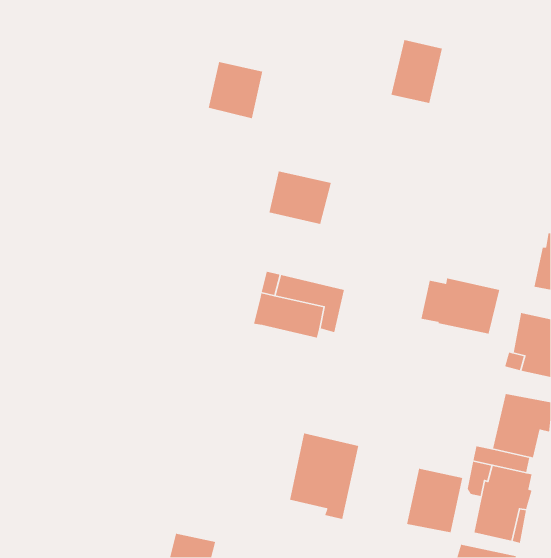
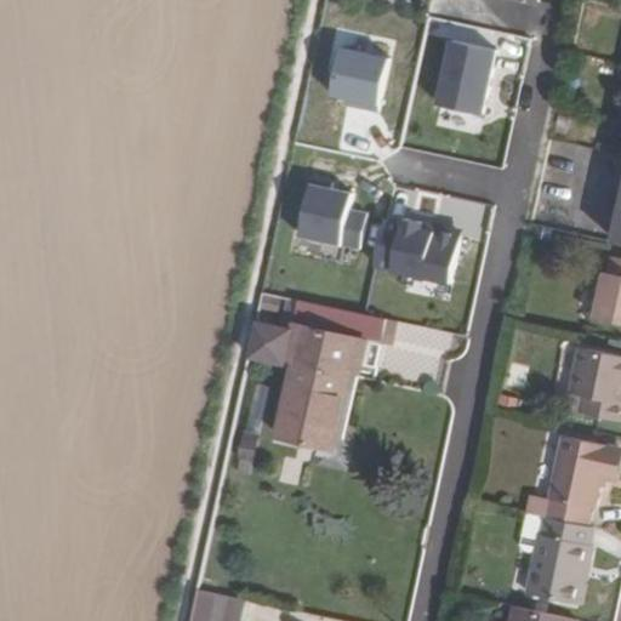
building: [208,61,263,119] -> [331,49,393,113]
building: [420,278,500,334] -> [371,220,460,283]
building: none -> [245,323,289,364]
building: [289,432,359,520] -> [275,361,353,458]
building: [406,468,463,533] -> none

